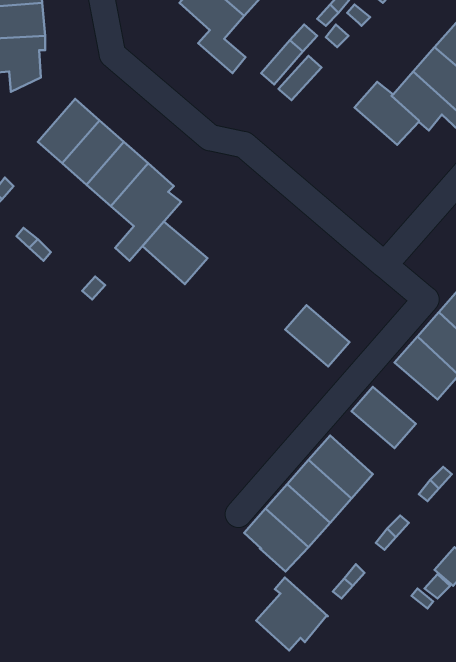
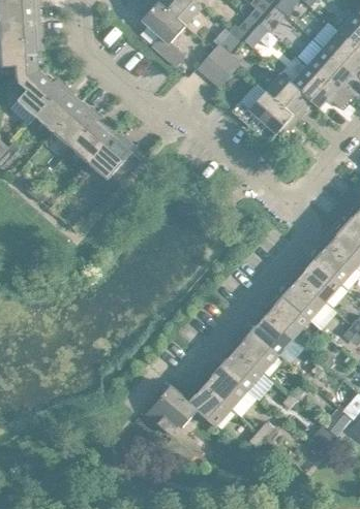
building: none -> [18,70,64,117]
building: none -> [233,84,297,158]
building: [142,222,208,284] -> none
building: [285,305,349,367] -> [279,276,326,320]
building: none -> [248,311,295,356]
building: [256,578,328,651] -> [147,382,199,435]

